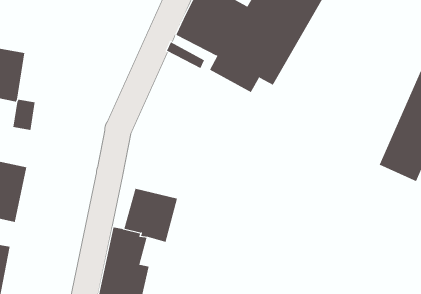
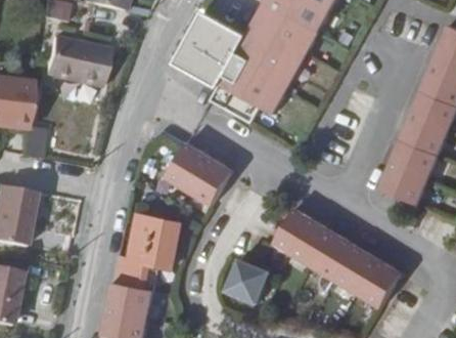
building: none -> [44,38,102,85]
building: none -> [166,139,232,202]
building: none -> [276,207,403,309]
building: none -> [224,257,266,301]

